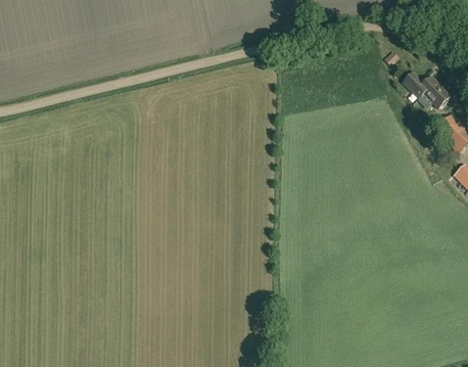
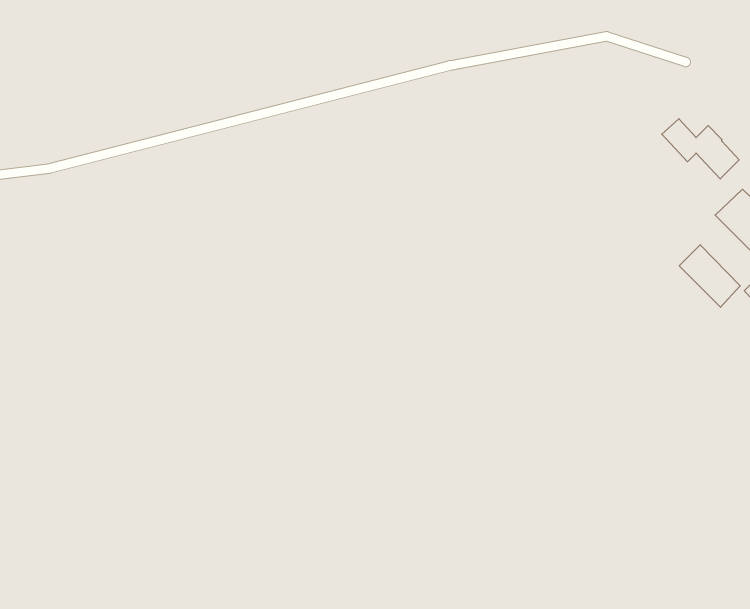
building: none -> [679,245,740,307]

